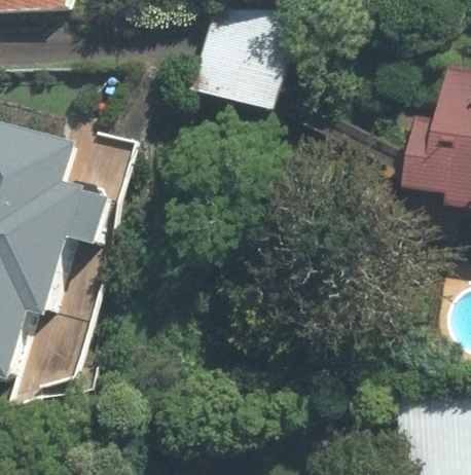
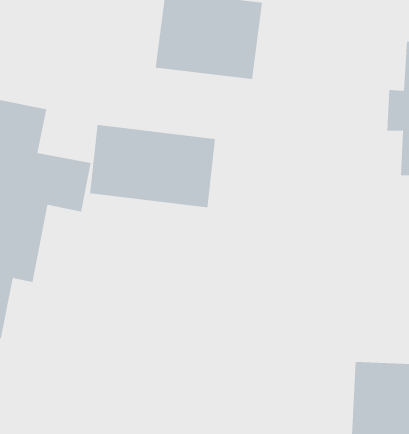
building: none -> [89,124,216,208]

